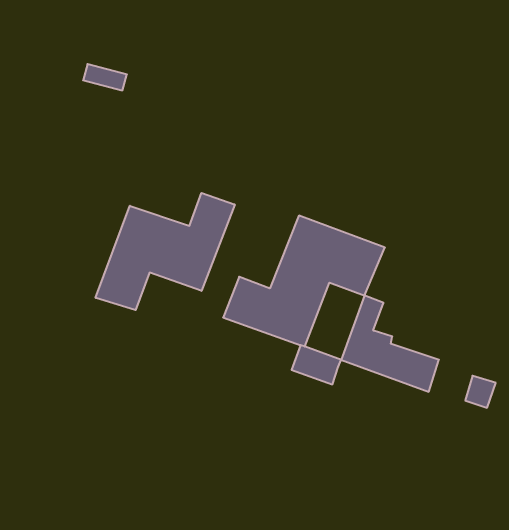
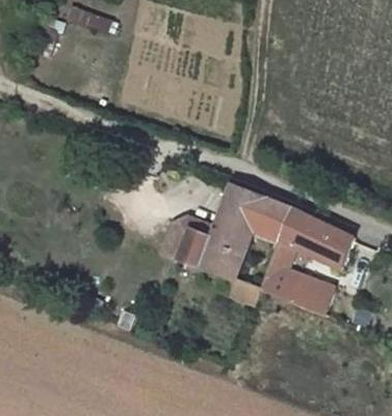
building: [96,193,235,310] -> none
building: none -> [278,209,352,267]

